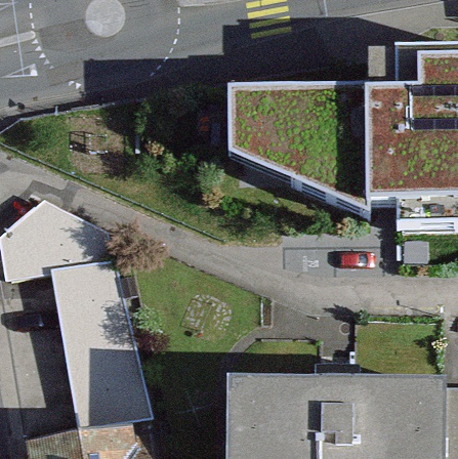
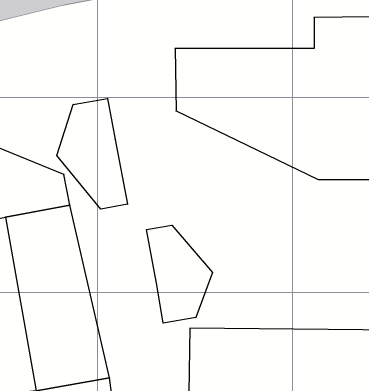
building: none -> [57,98,128,209]
building: none -> [147,225,213,323]

